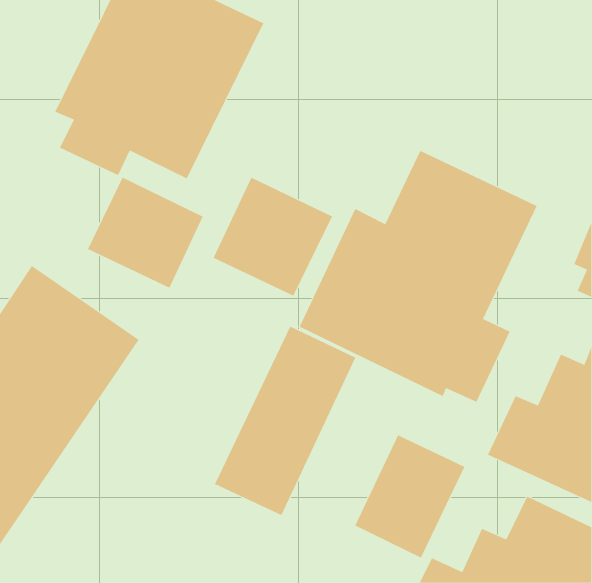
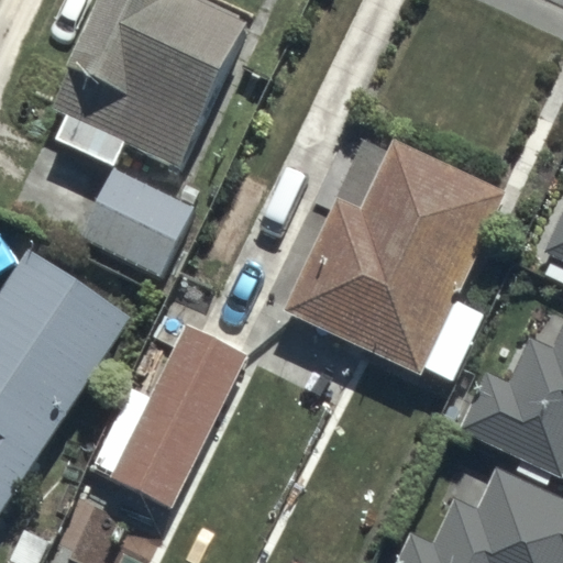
building: [213,177,333,296] -> none
building: [214,326,356,516] -> [110,323,244,503]
building: [355,434,465,559] -> none

